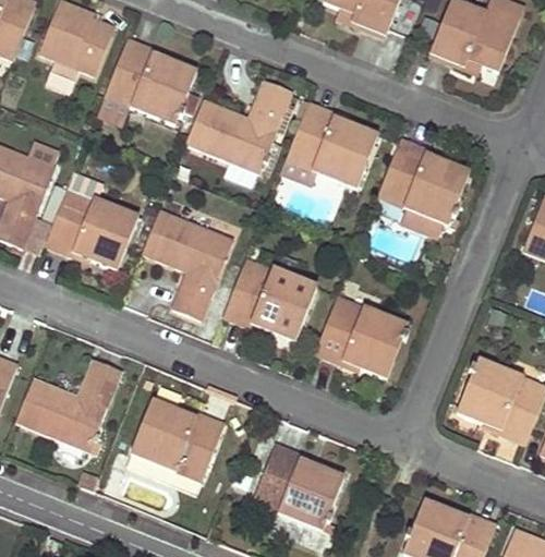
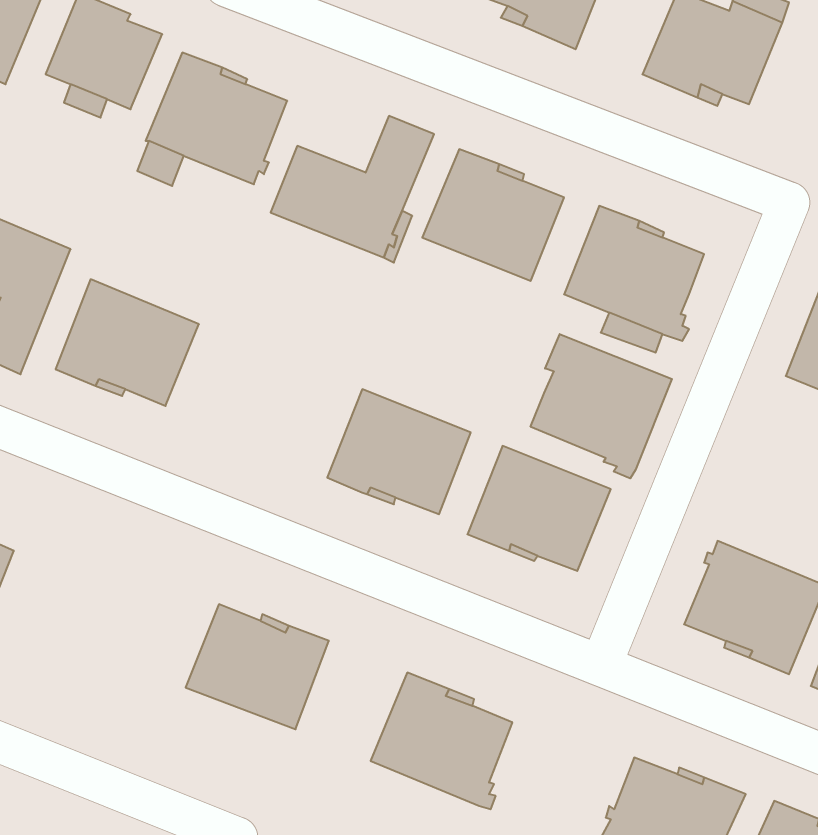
building: [142,209,233,319] -> none
building: none -> [531,334,672,478]
building: [15,359,122,453] -> none

